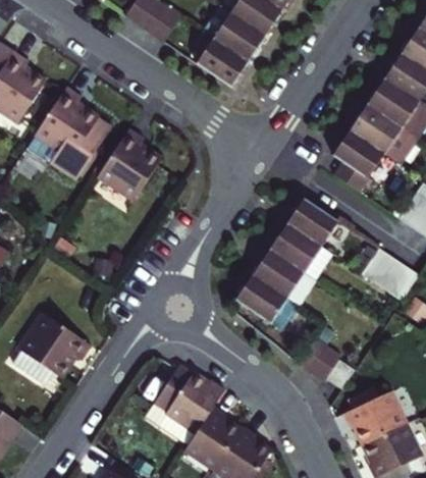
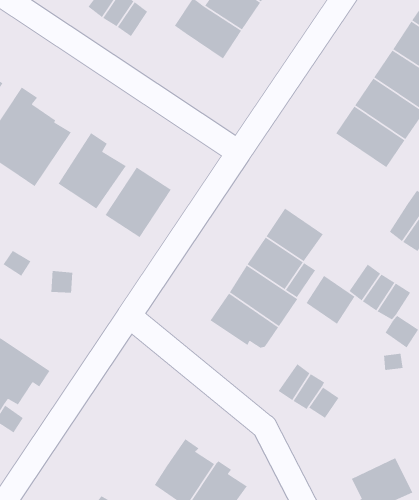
building: [197,39,248,87] -> none
building: [332,129,384,192] -> none
building: none -> [105,166,172,238]
building: none -> [305,275,355,325]
building: [144,366,224,446] -> none
building: [343,390,405,443] -> none

